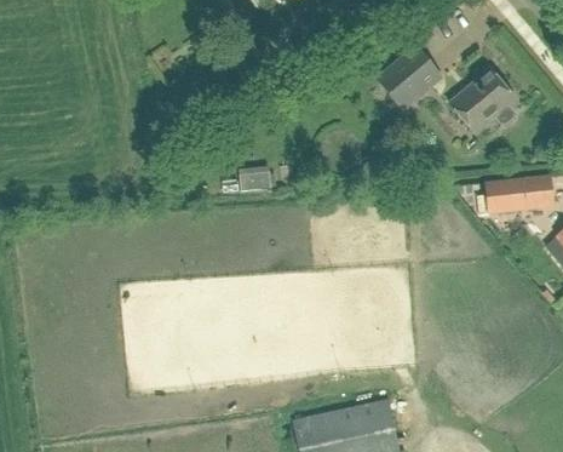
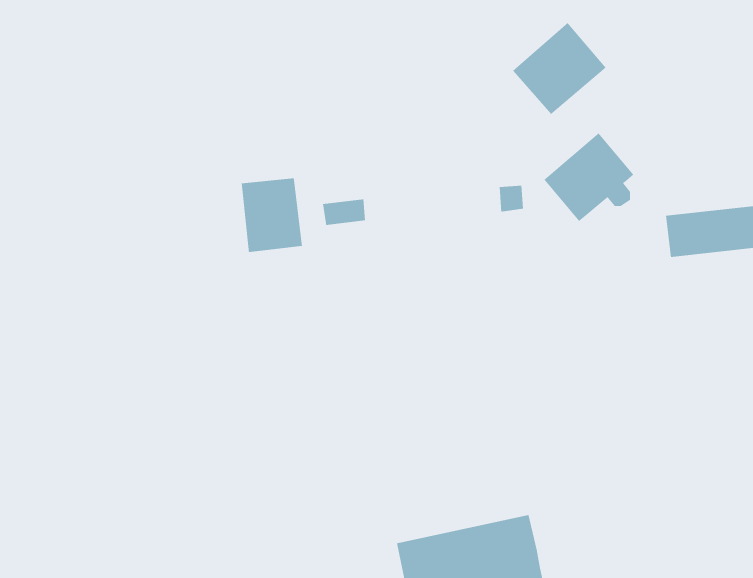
building: [449,68,515,132] -> [543,133,634,222]
building: none -> [241,177,303,253]

